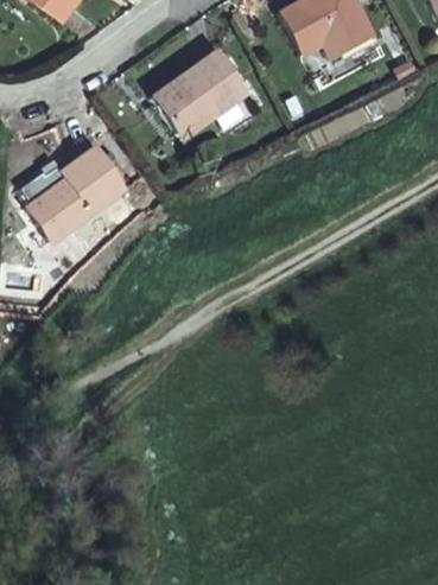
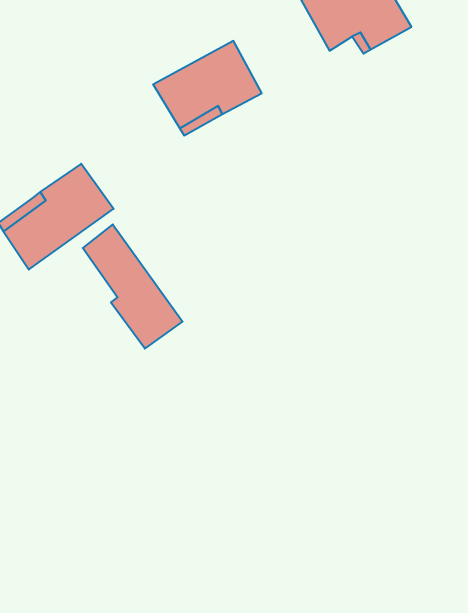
building: none -> [83,224,183,349]

